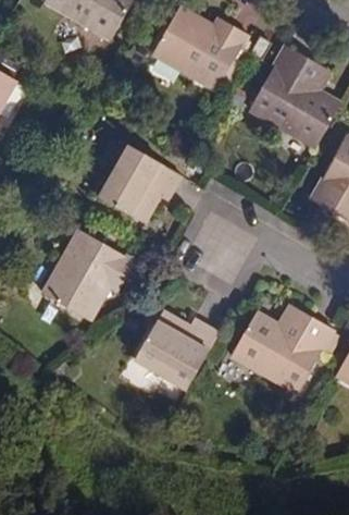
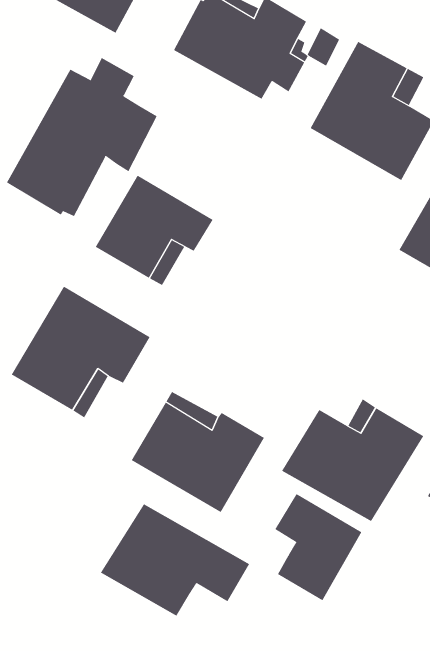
building: none -> [6,57,158,217]
building: none -> [274,493,362,601]
building: none -> [100,503,250,617]

